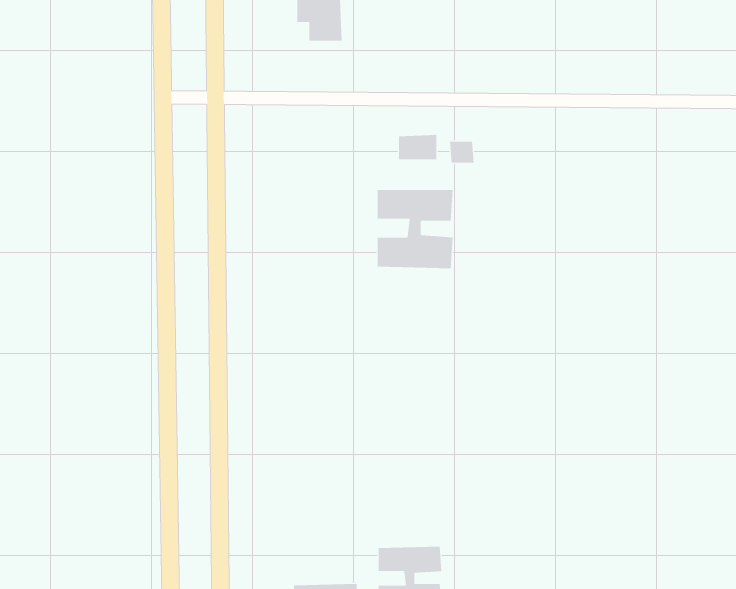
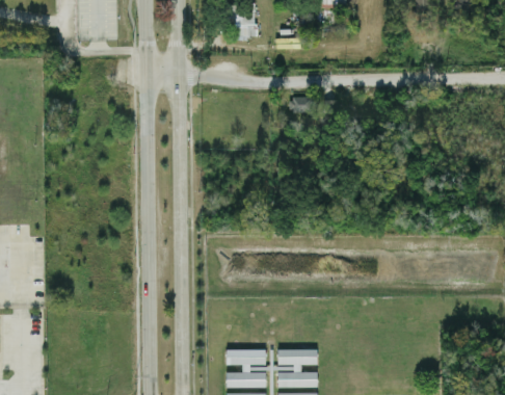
building: [377,189,453,269] -> none
building: none -> [225,350,265,366]

